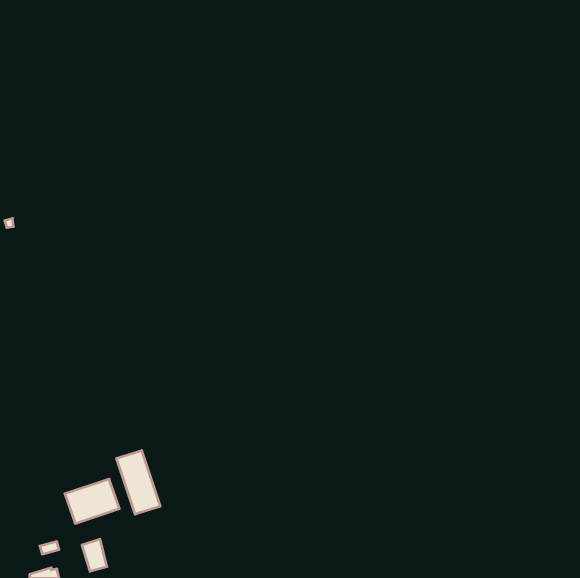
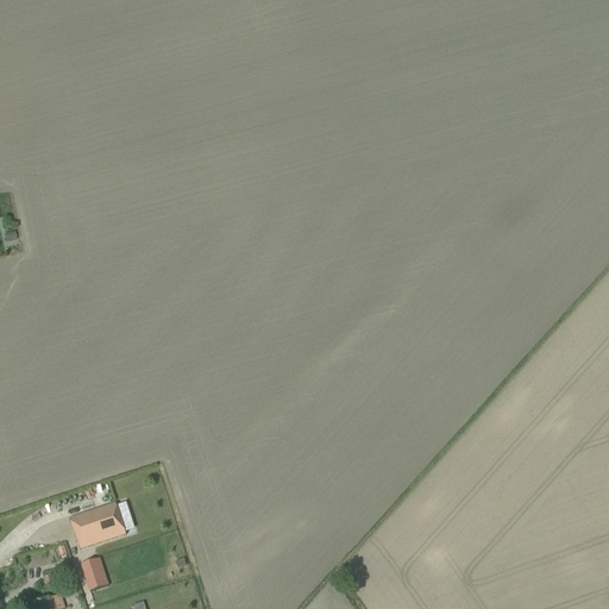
building: [117,450,160,514] -> none

